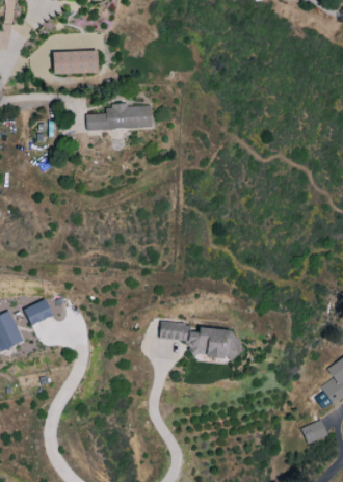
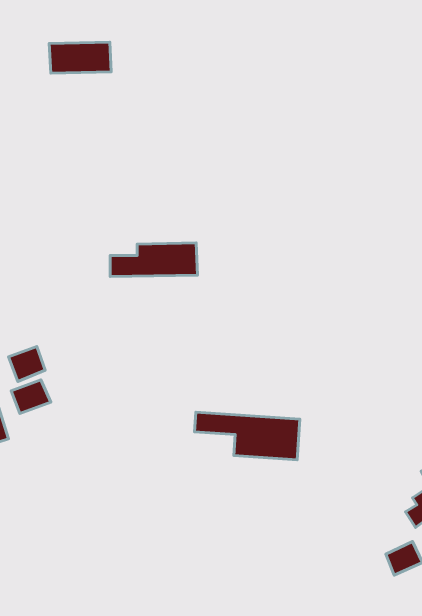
building: [87,105,152,130] -> [110,243,198,277]
building: none -> [8,346,45,381]

